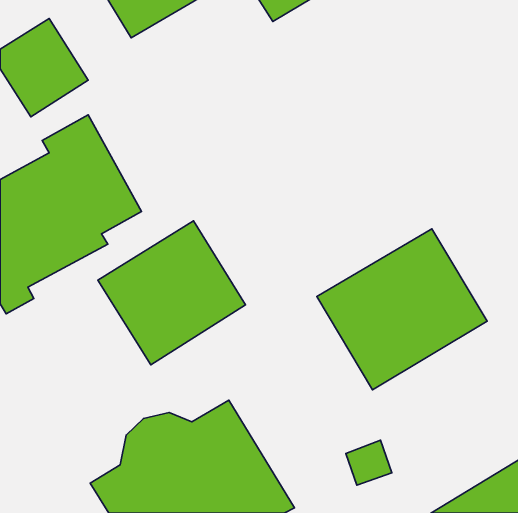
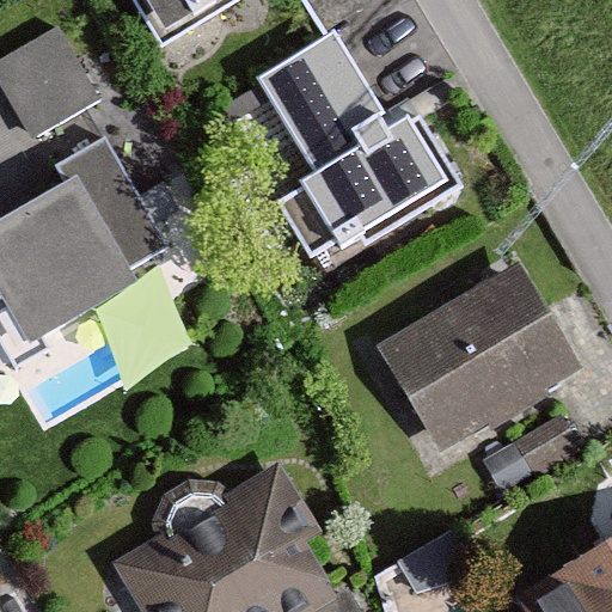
building: none -> [255,38,453,262]
building: [98,221,246,365] -> none

